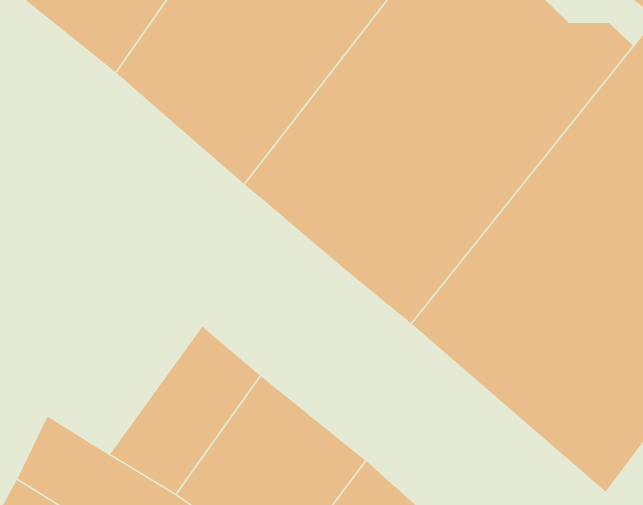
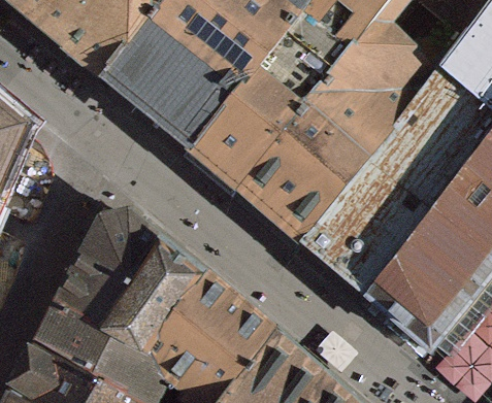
building: none -> [60,215,163,329]

